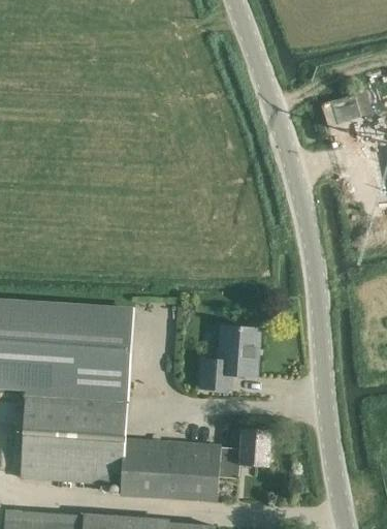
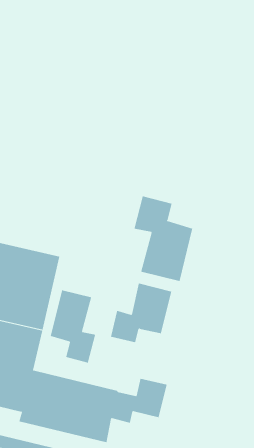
building: none -> [134,195,193,282]
building: none -> [50,289,96,363]

